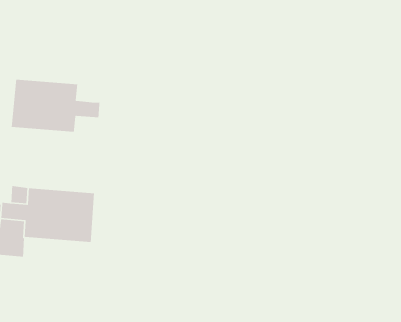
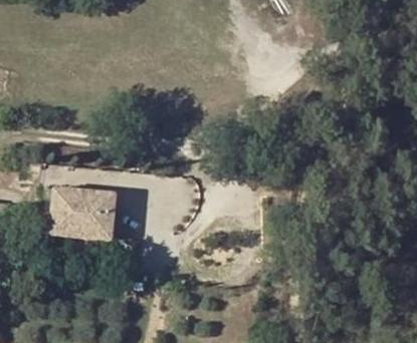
building: [11,79,101,133] -> none

